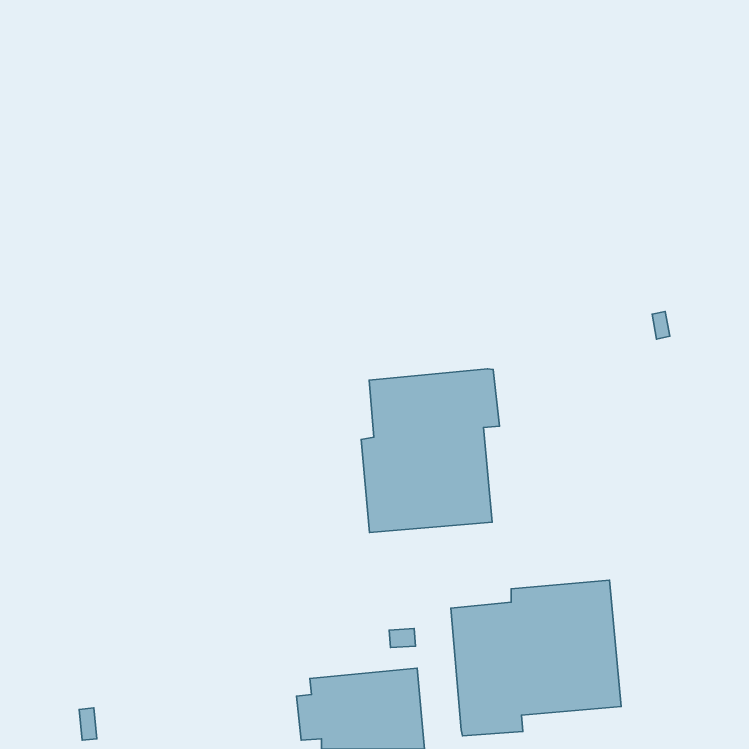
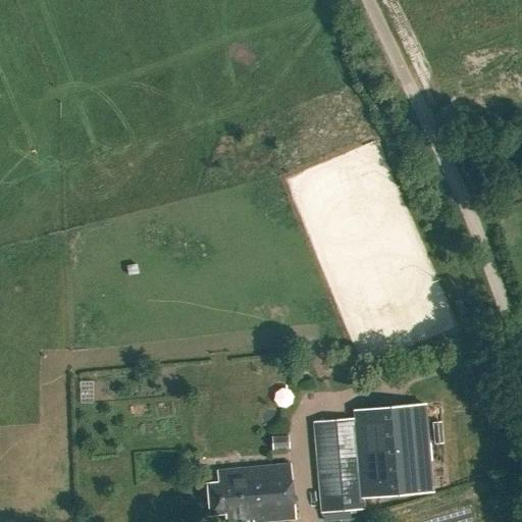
building: [361,369,499,533] -> none

